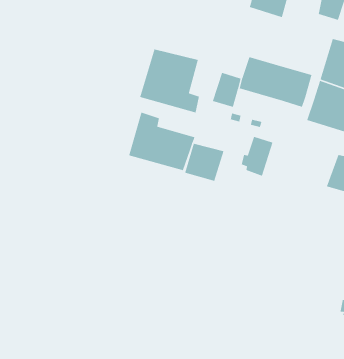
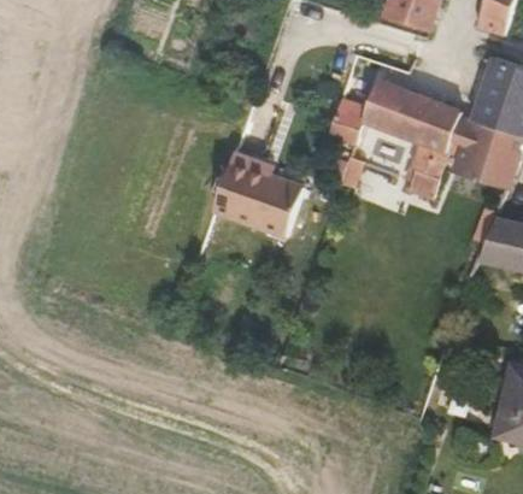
building: [139,48,200,114] -> none
building: [241,136,273,177] -> [410,148,453,202]
building: [184,143,224,182] -> none

